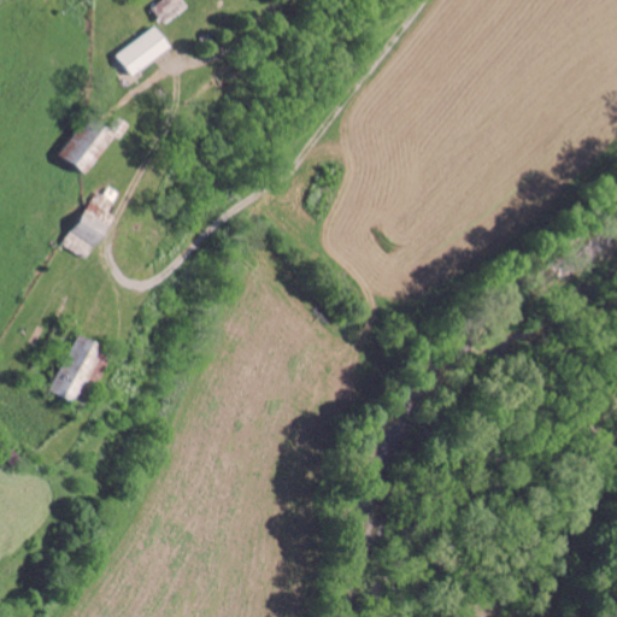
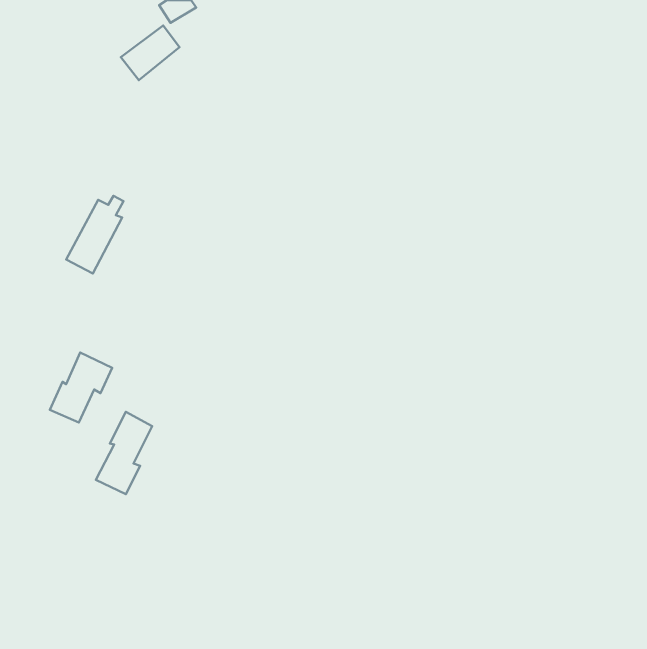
building: [58,113,124,175] -> none
building: none -> [96,412,152,494]

